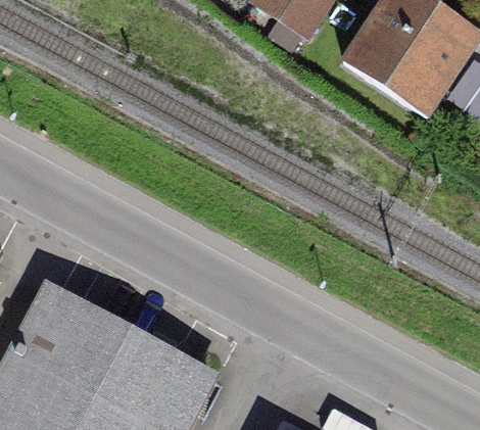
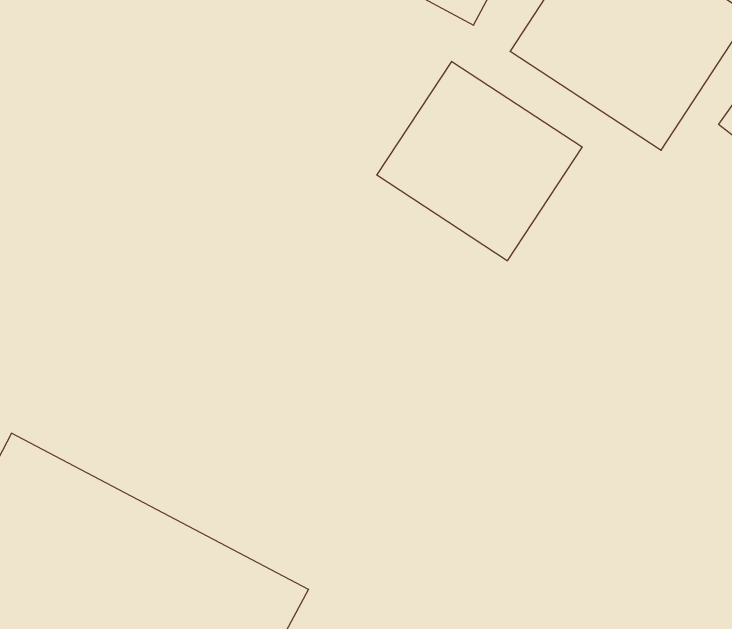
building: none -> [377,61,582,261]

